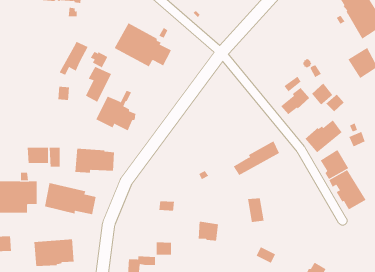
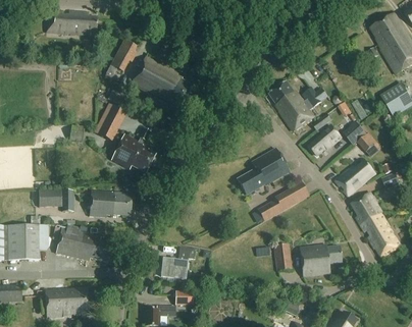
building: [59,41,89,75] -> [105,40,137,76]
building: none -> [269,80,327,131]
building: none -> [237,148,289,195]
building: none -> [299,244,342,275]
building: [198,221,219,241] -> [161,257,184,278]

